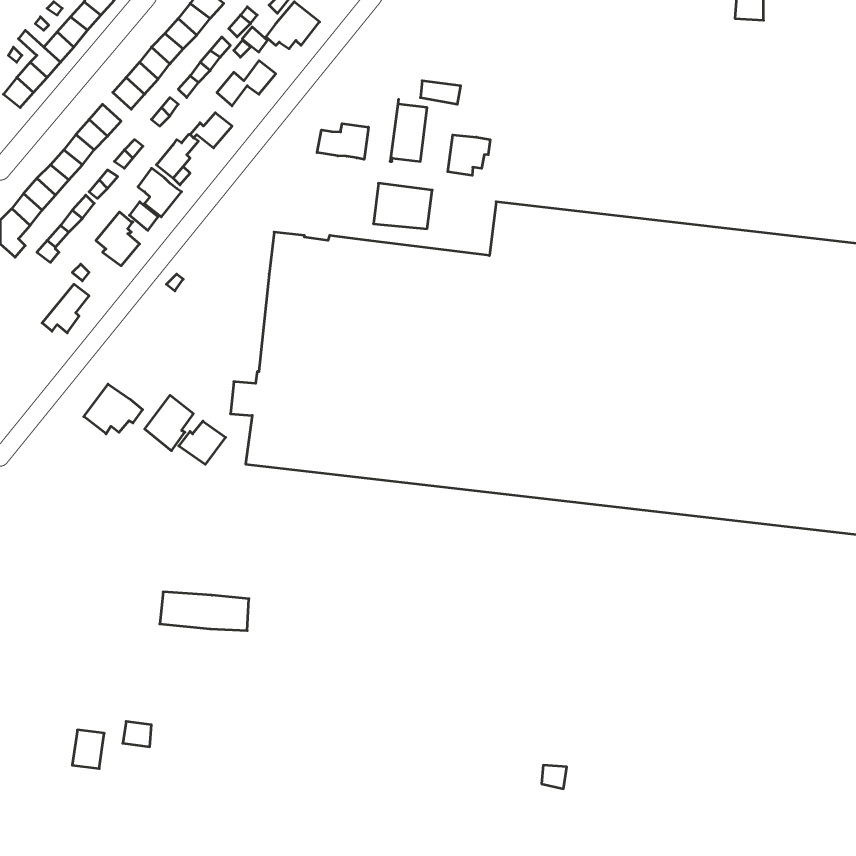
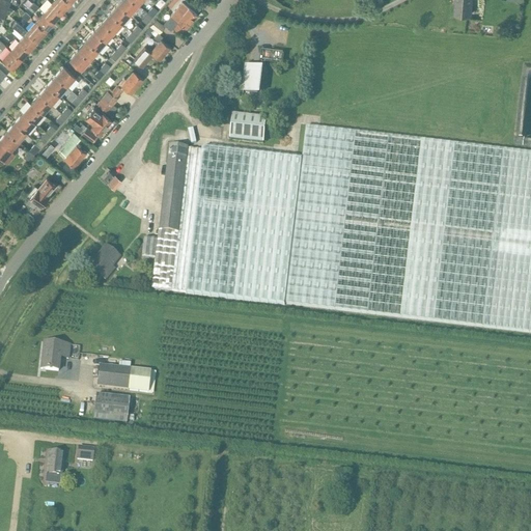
building: [317,124,368,159] -> none
building: [448,135,490,175] -> none
building: [84,384,143,434] -> none
building: [179,421,226,464] -> none
building: none -> [43,340,73,370]
building: none -> [95,393,132,422]

